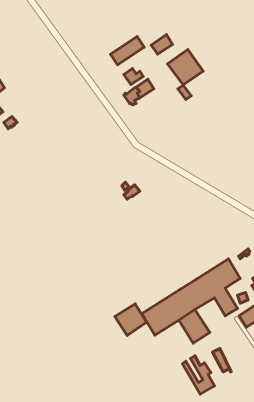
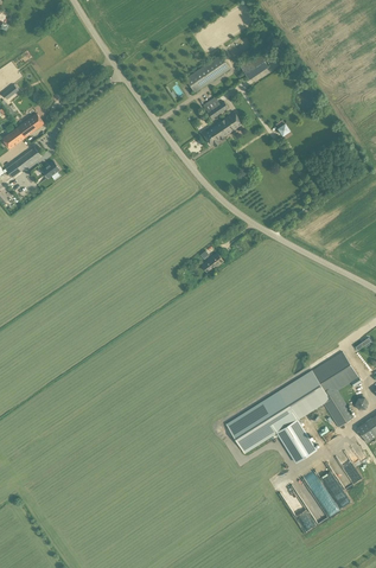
building: [168,49,203,85] -> none
building: [115,304,147,336] -> none

